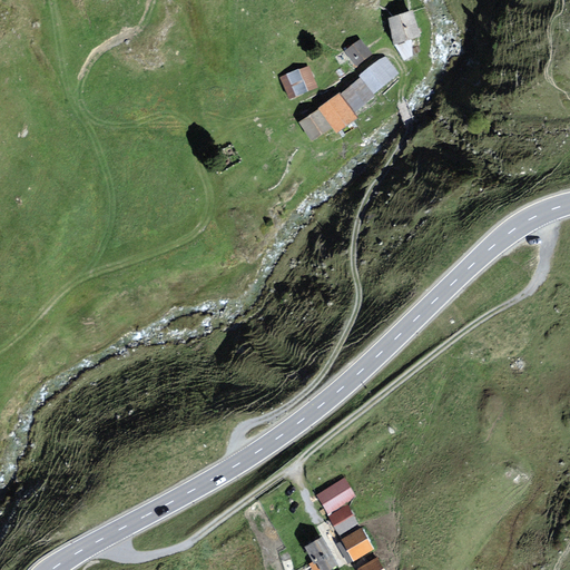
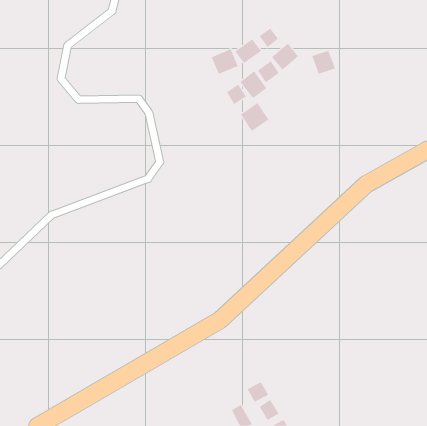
building: [387,8,420,40] -> [311,50,336,74]
building: none -> [235,38,262,64]
building: none -> [240,102,269,132]
building: [317,479,354,512] -> none

